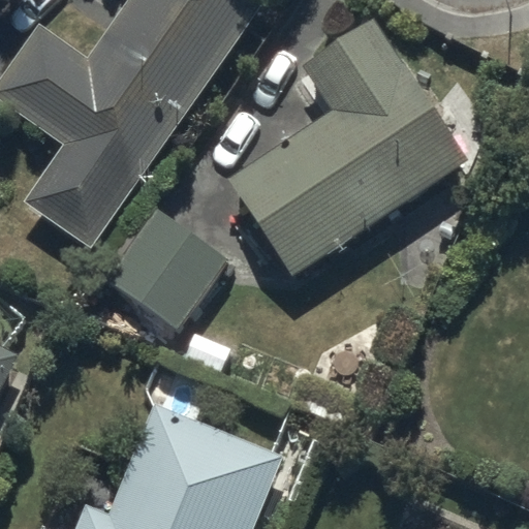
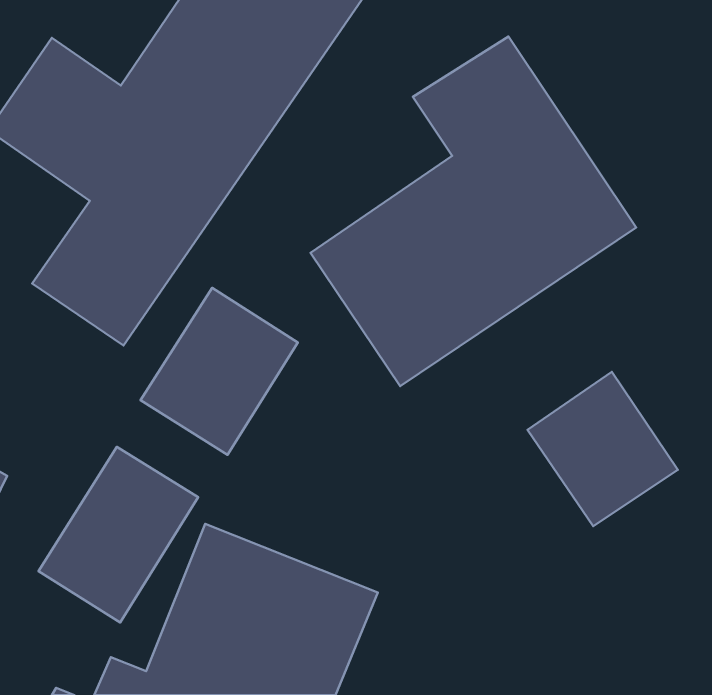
building: none -> [528,372,678,526]
building: none -> [38,447,198,623]

